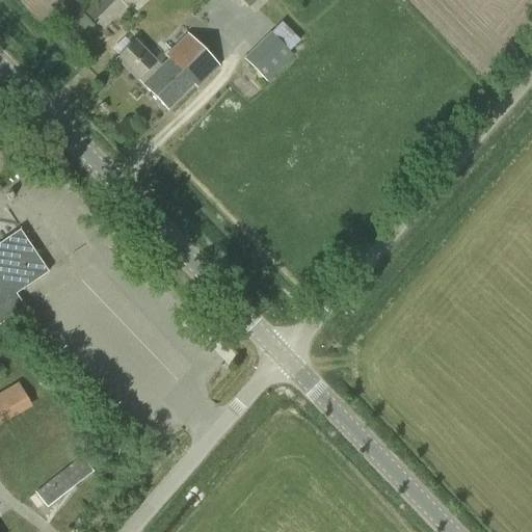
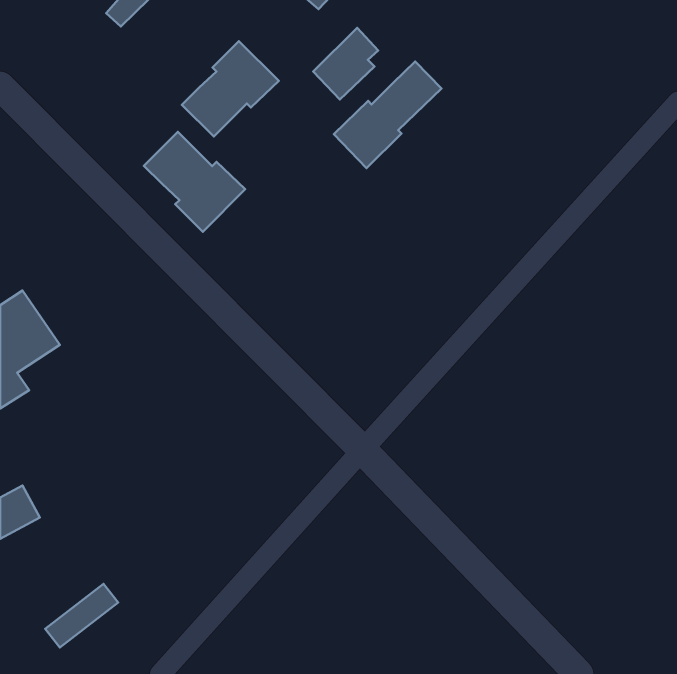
building: [115,36,158,82] -> none
building: none -> [334,61,441,168]
building: none -> [144,132,245,232]

